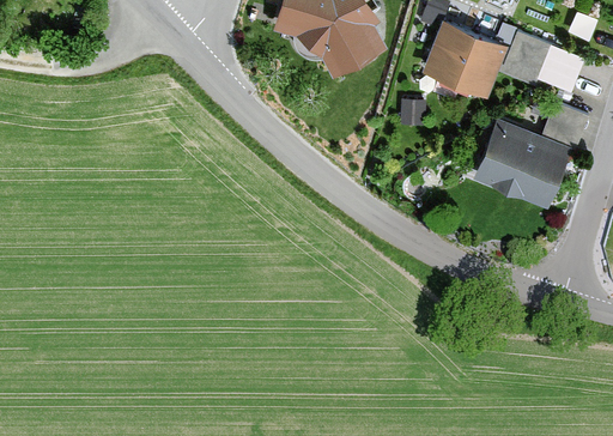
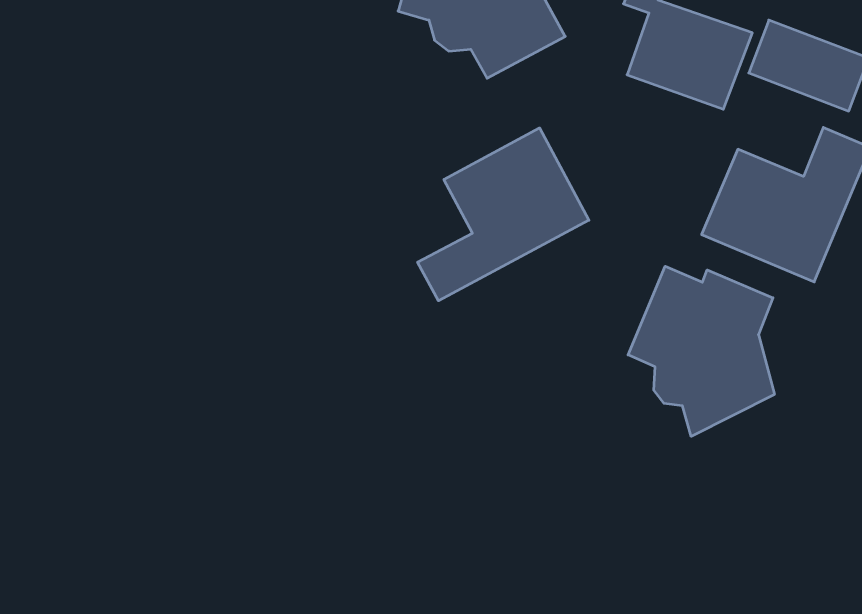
building: none -> [418,128,589,301]
building: none -> [628,266,774,436]

